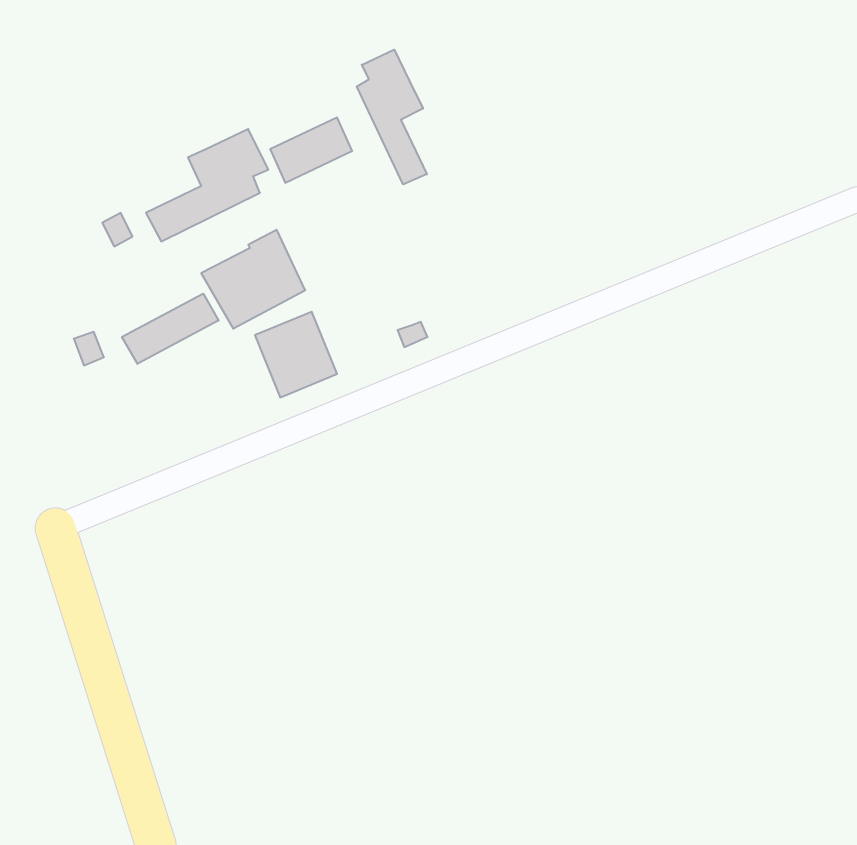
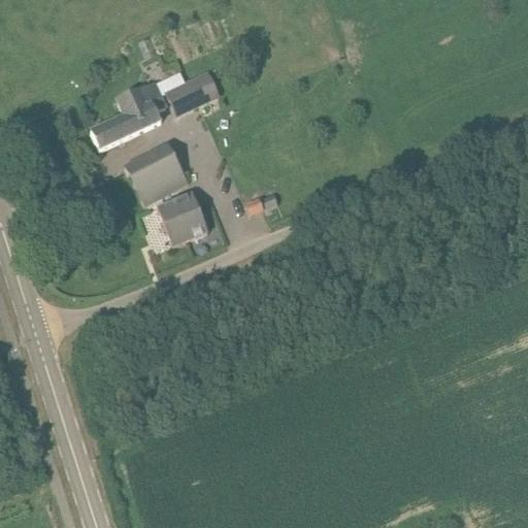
building: [357,50,427,184] -> none
building: [122,294,219,364] -> none

